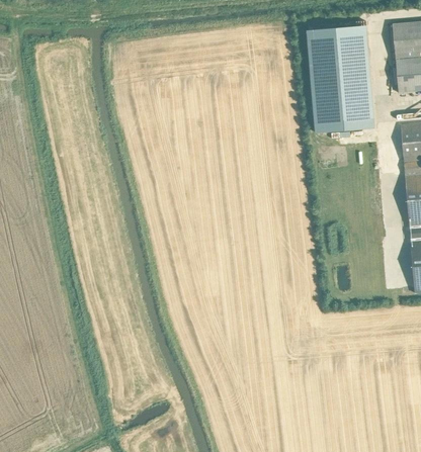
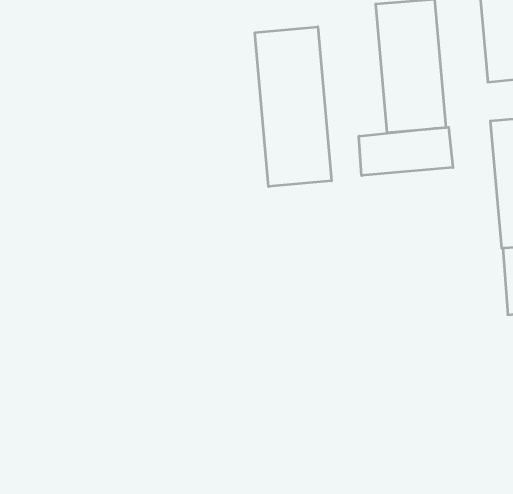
building: none -> [255,27,331,187]
building: none -> [359,127,453,176]

